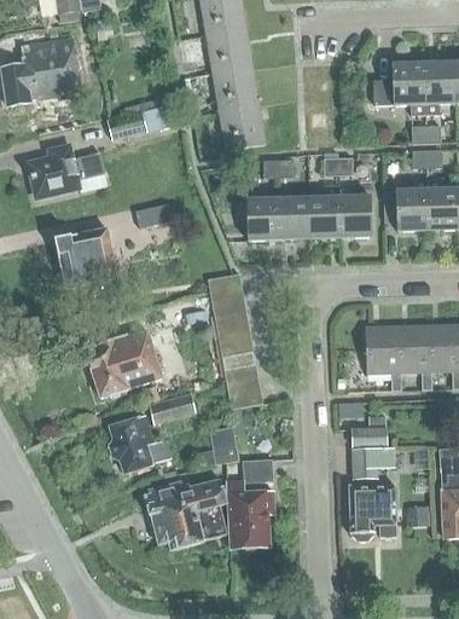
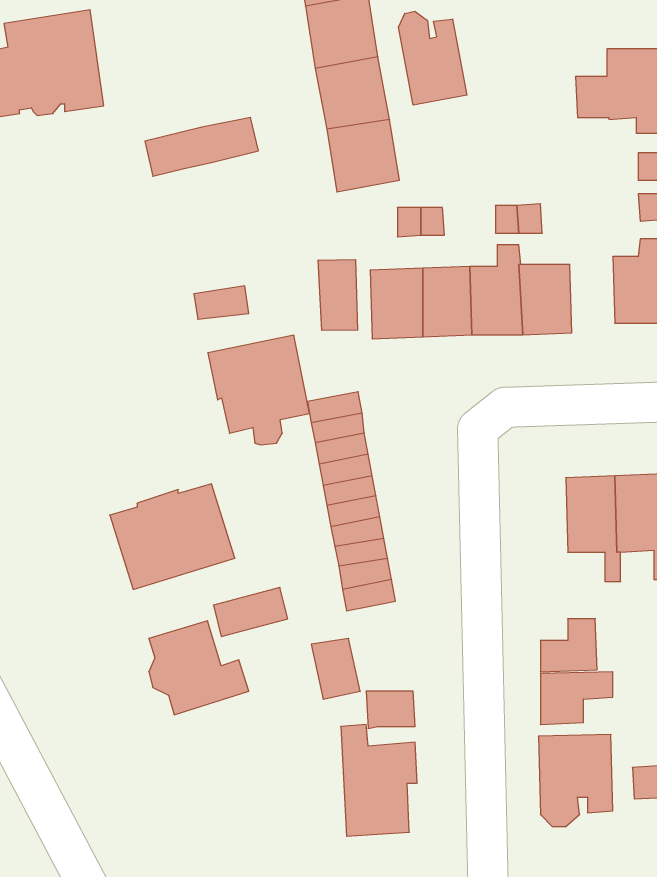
building: none -> [399,11,467,105]
building: [28,145,105,198] -> none
building: none -> [318,260,358,330]
building: [54,228,117,296] -> [208,335,310,445]
building: [145,479,227,549] -> none

